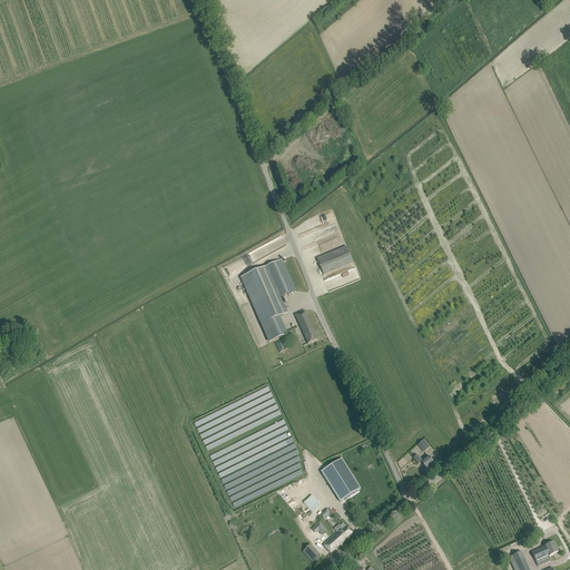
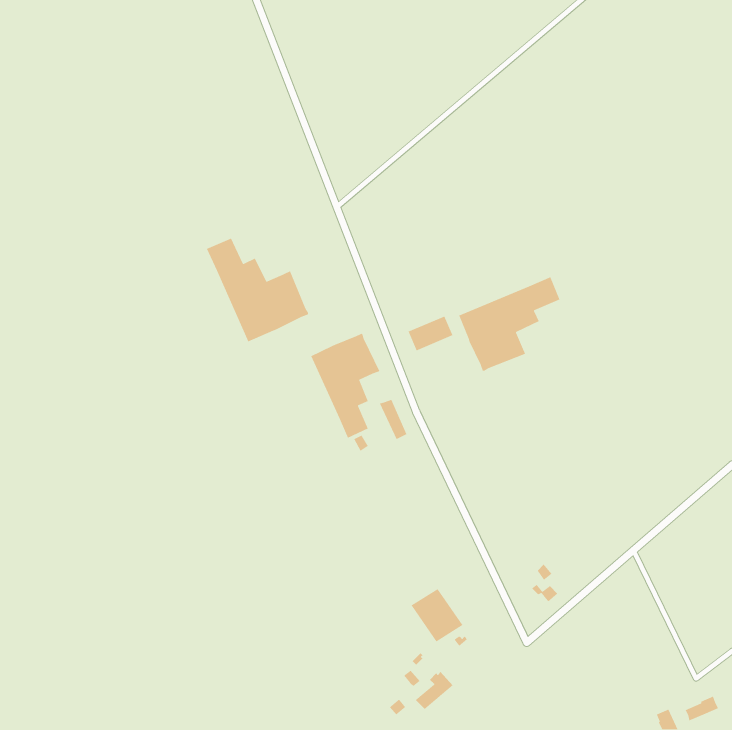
building: none -> [206,237,309,342]
building: none -> [458,276,560,371]

